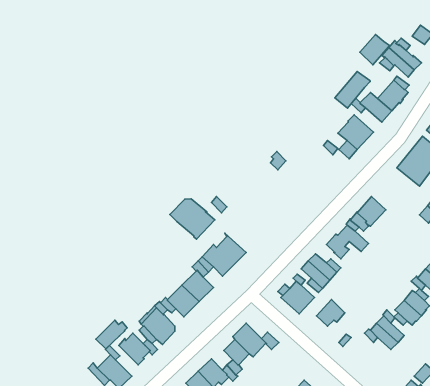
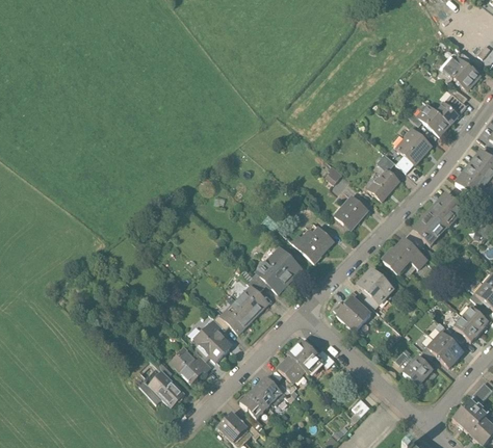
building: [360,34,390,65] -> none
building: [335,71,370,108] -> none
building: none -> [369,169,399,201]
building: none -> [430,192,463,226]
building: none -> [335,195,368,229]
building: [170,199,215,239] -> none
building: none -> [301,228,334,263]
building: [316,300,345,326] -> [404,355,433,383]
building: [96,320,127,349] -> none

